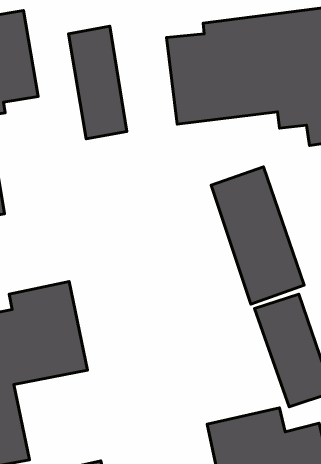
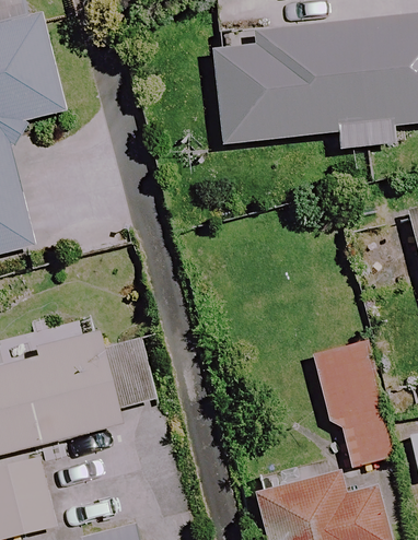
building: [69,26,127,139] -> none
building: [211,167,304,304] -> none

